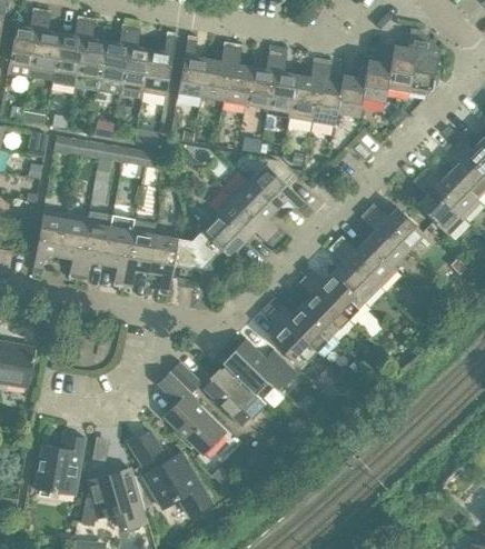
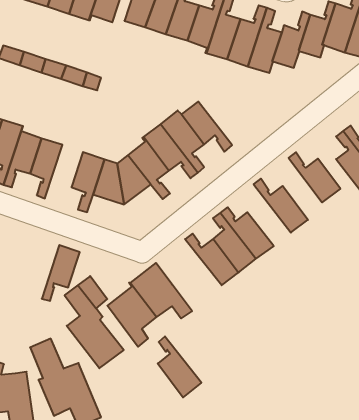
building: [360,209,408,270] -> none
building: [122,229,155,288] -> [42,245,80,301]
building: [328,241,380,302] -> none
building: [267,308,317,368] -> [158,336,201,397]

